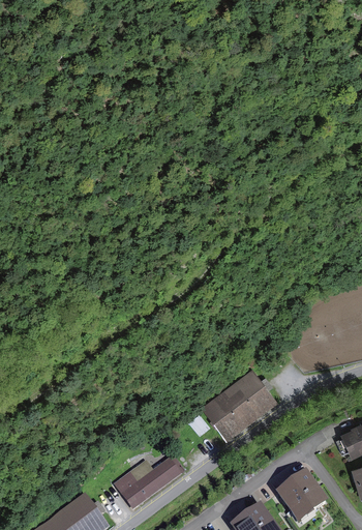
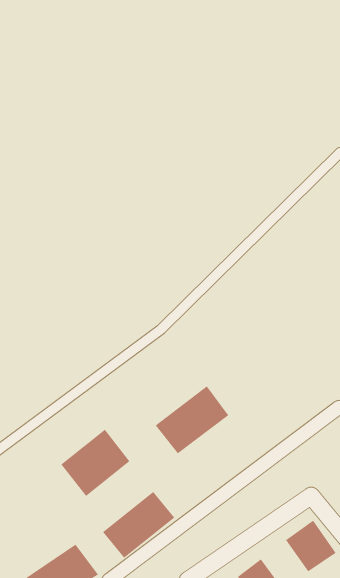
building: [204,373,271,435] -> [155,385,229,454]
building: none -> [61,429,130,497]

